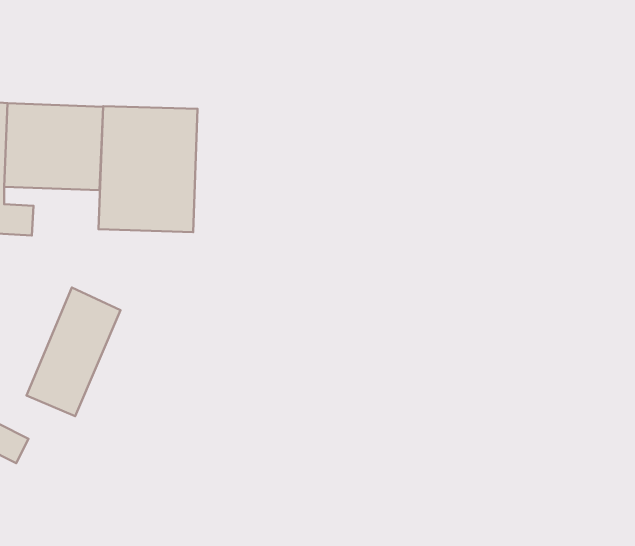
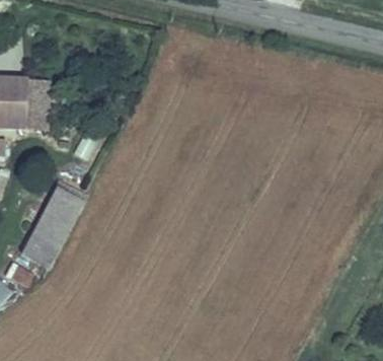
building: [99,106,198,232] -> none

